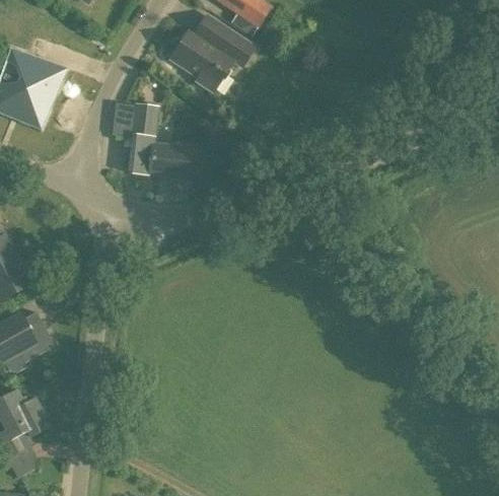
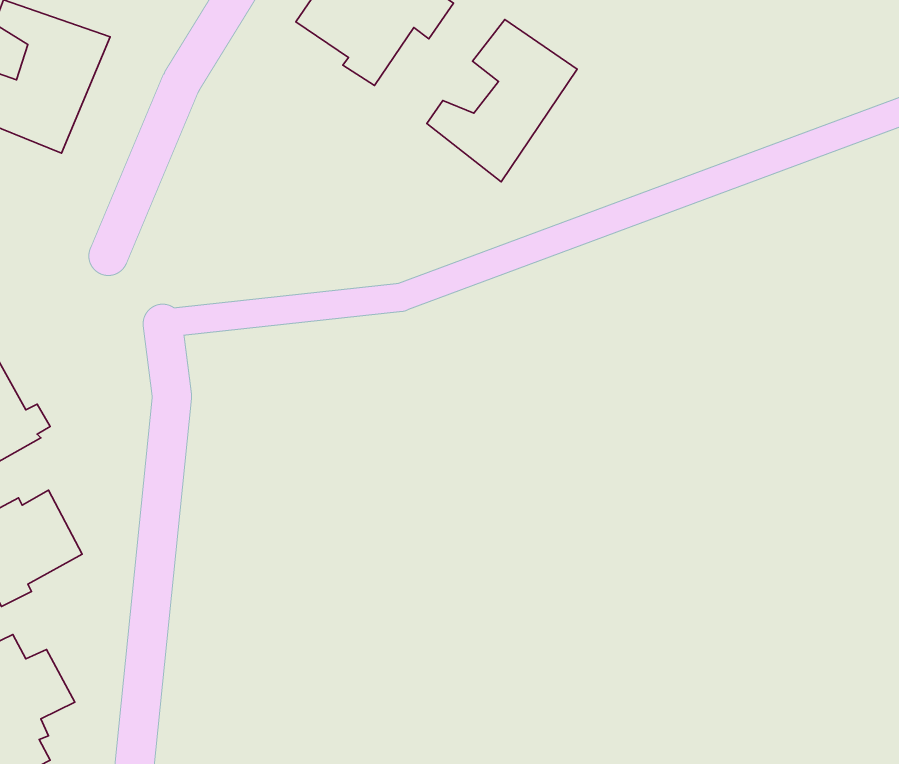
building: none -> [427,19,577,182]
building: [117,101,188,180] -> none

